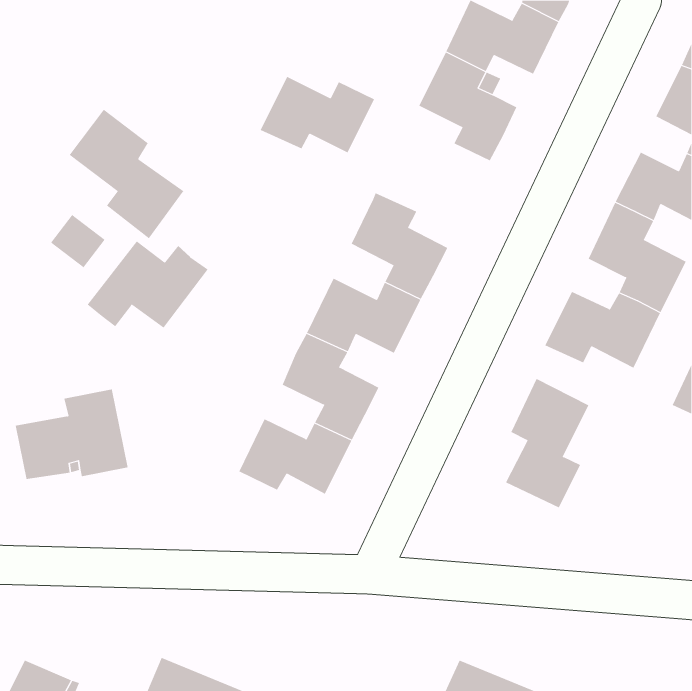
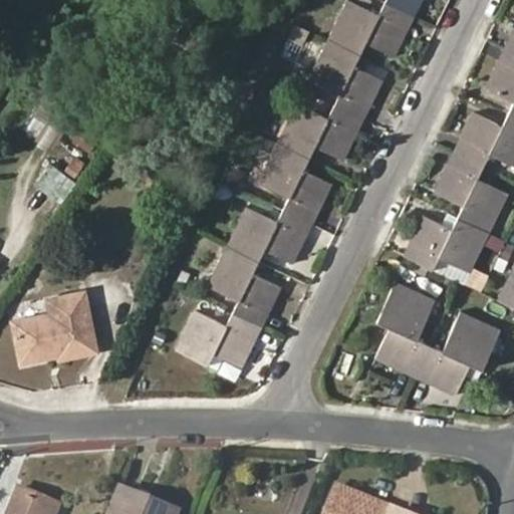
building: [260,76,375,153] -> [278,103,363,161]
building: [69,109,184,239] -> none
building: [87,240,208,329] -> none
building: none -> [415,312,502,397]

